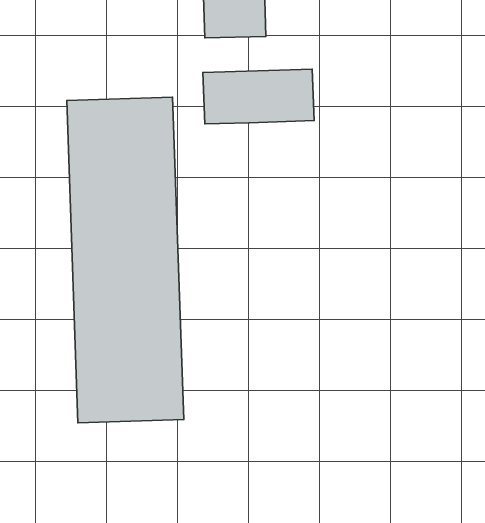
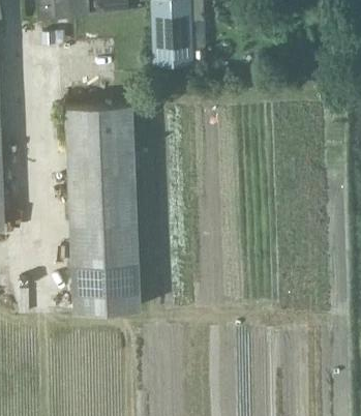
building: [203,69,314,124] -> none

